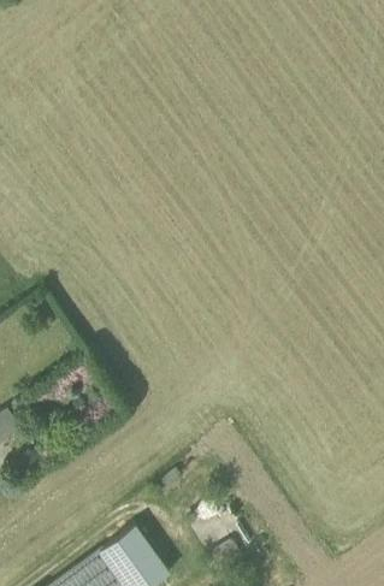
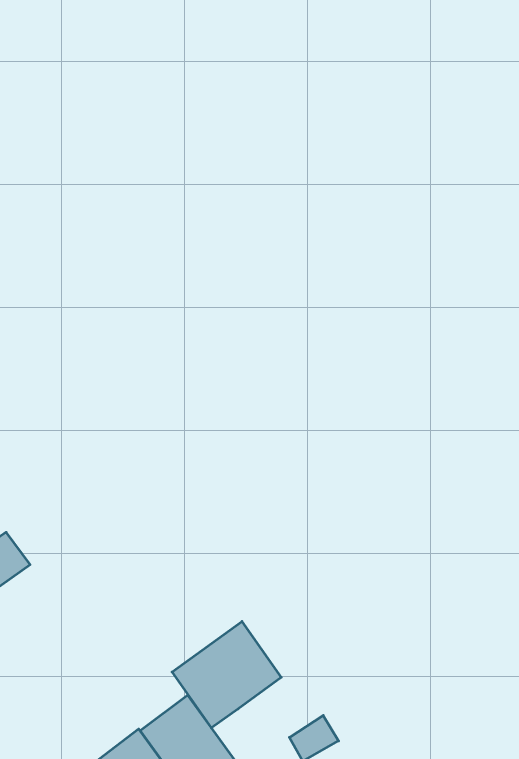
building: none -> [172,621,281,728]

